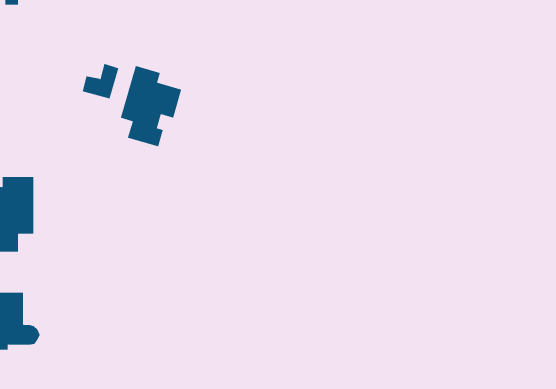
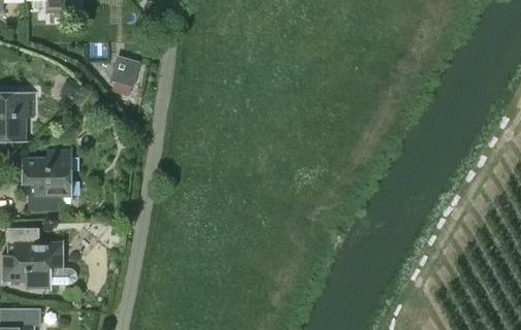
building: [120,65,182,147] -> none

